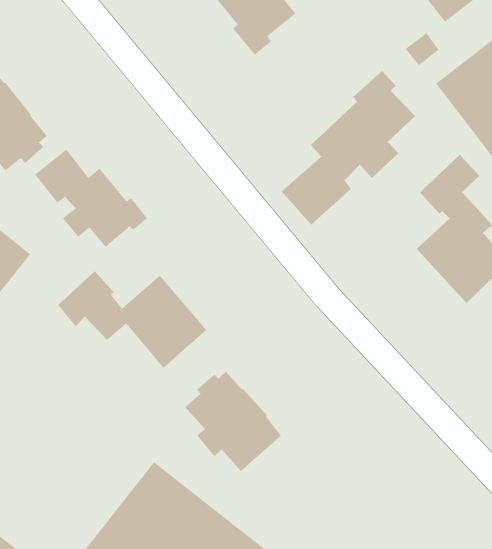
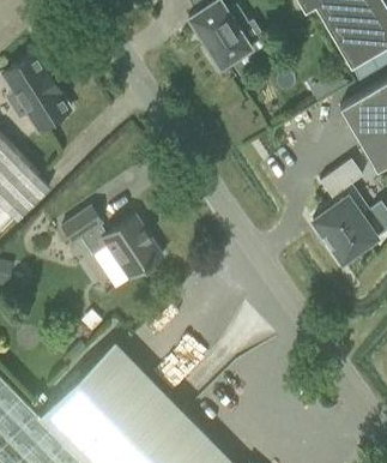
building: [281,70,416,226] -> none
building: [34,148,148,248] -> none
building: [185,371,282,472] -> none

